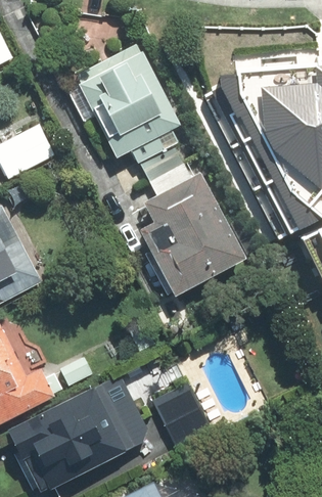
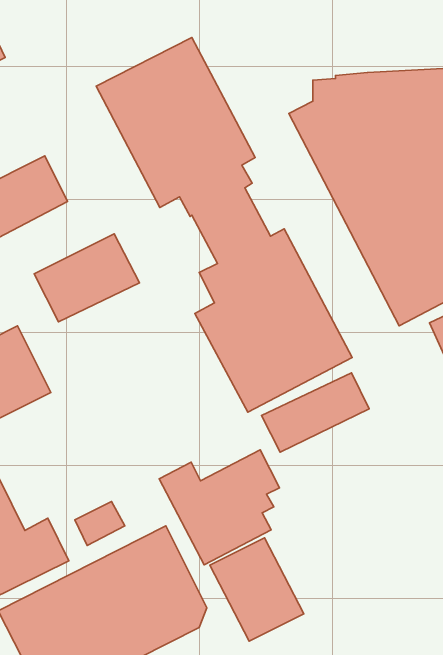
building: none -> [34,234,140,322]
building: none -> [261,373,369,452]
building: none -> [159,450,280,565]

